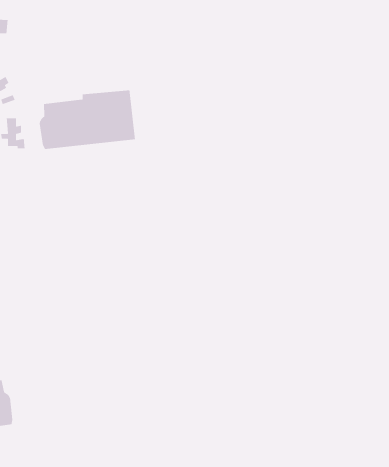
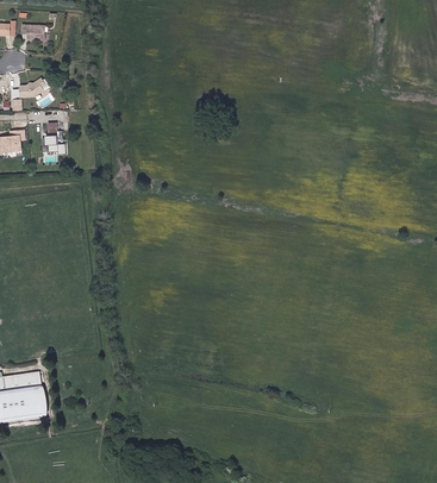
building: [39,89,136,150] -> none

